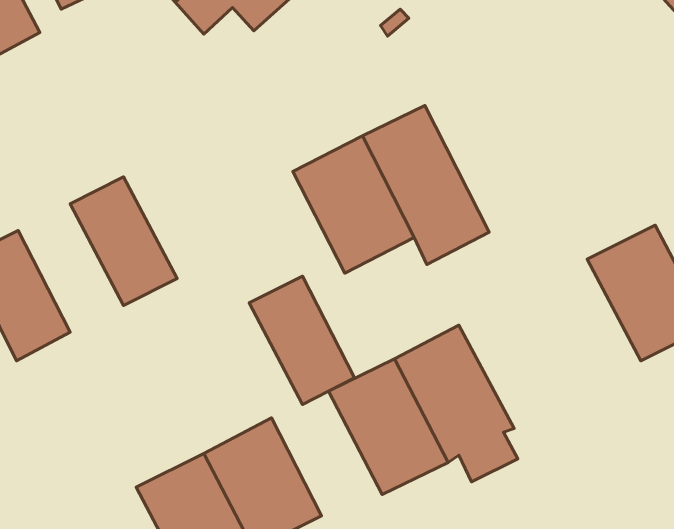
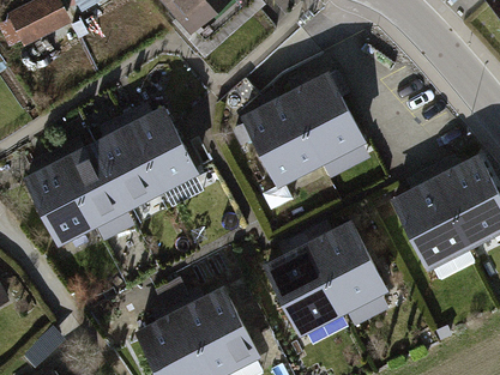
building: none -> [55,139,133,241]
building: none -> [392,176,474,268]
building: [249,276,354,404] -> [126,103,197,189]

